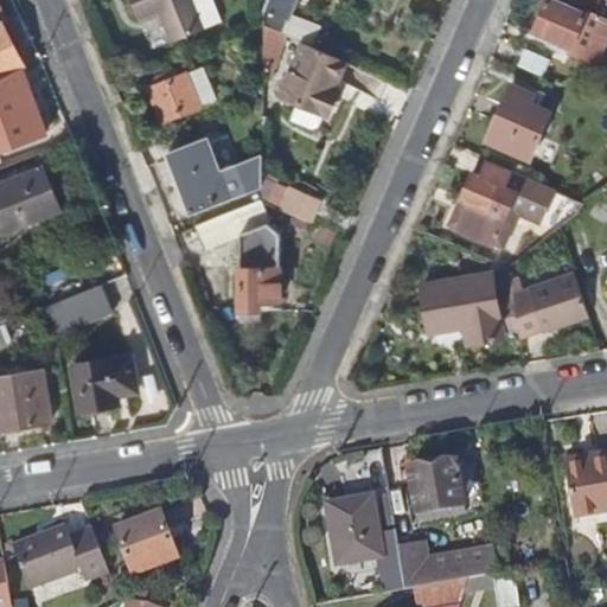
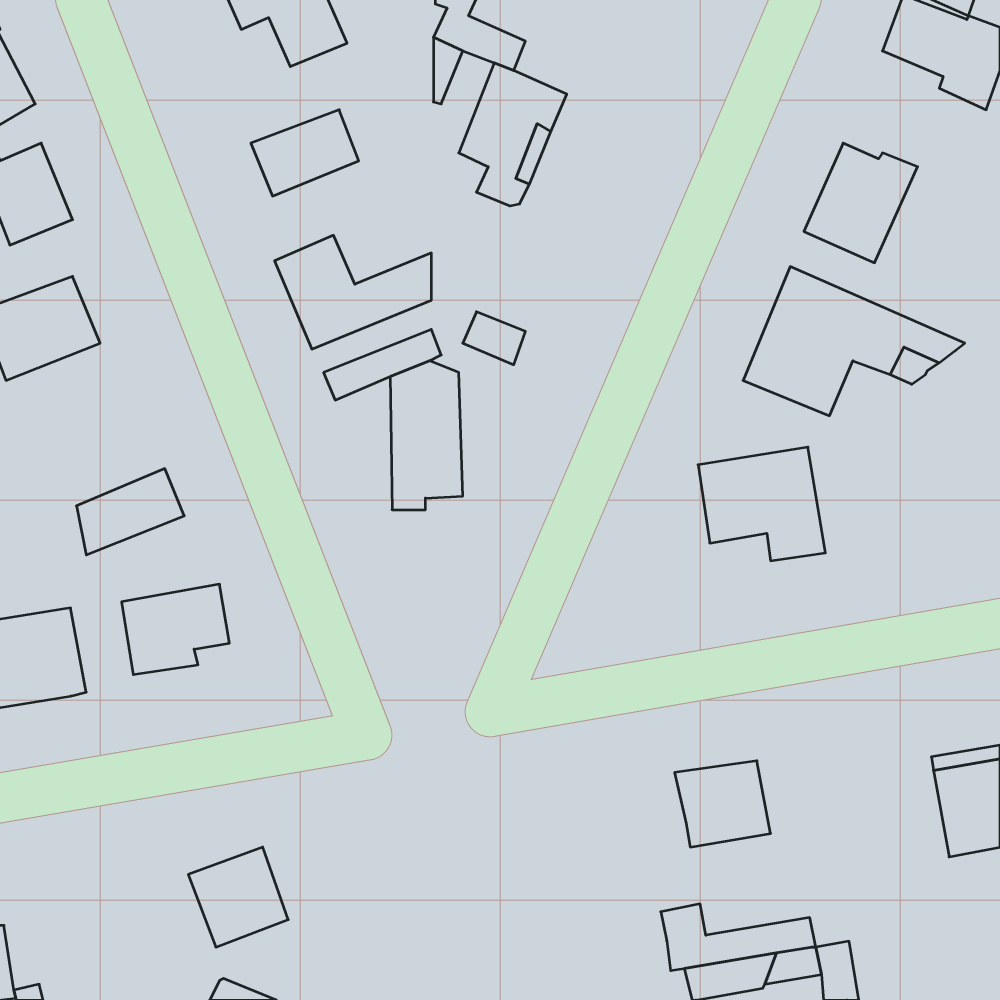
building: [511,269,587,333] -> none
building: [326,493,383,563] -> none
building: [11,522,106,587] -> none

